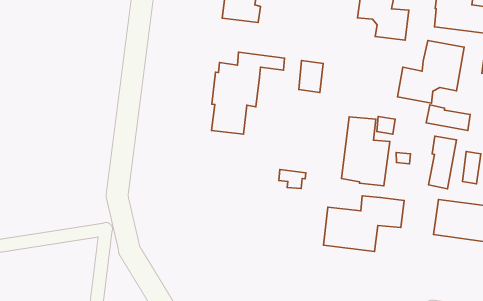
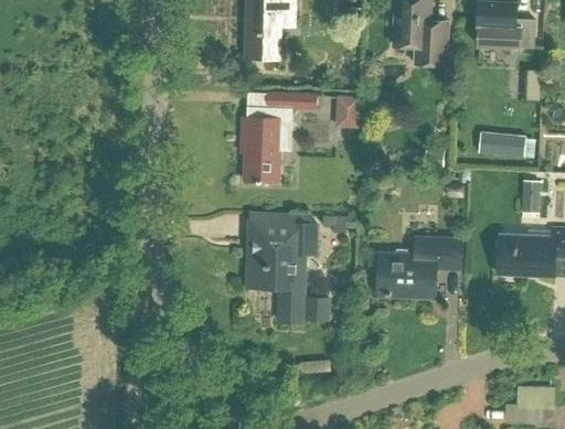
building: [398,40,464,103] -> none
building: [342,117,390,186] -> none
building: [428,136,457,189] -> none
building: none -> [246,214,329,322]

